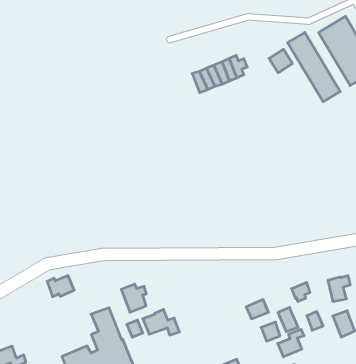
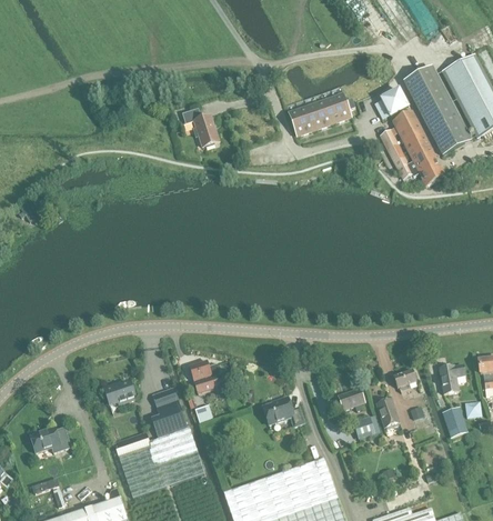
building: none -> [381,111,446,186]
building: none -> [183,108,220,147]
building: [47,276,74,297] -> [104,382,137,407]
building: [143,309,180,335] -> [262,397,305,428]
building: [278,329,304,357] -> none

